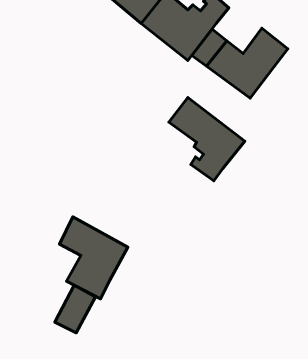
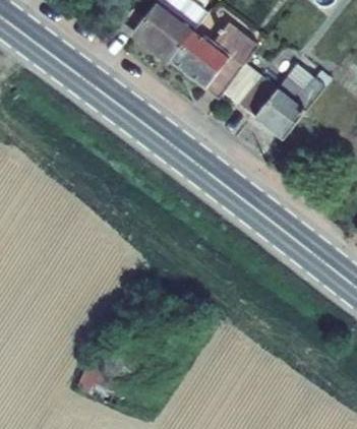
building: [169,97,245,181] -> none
building: [60,217,128,299] -> none

